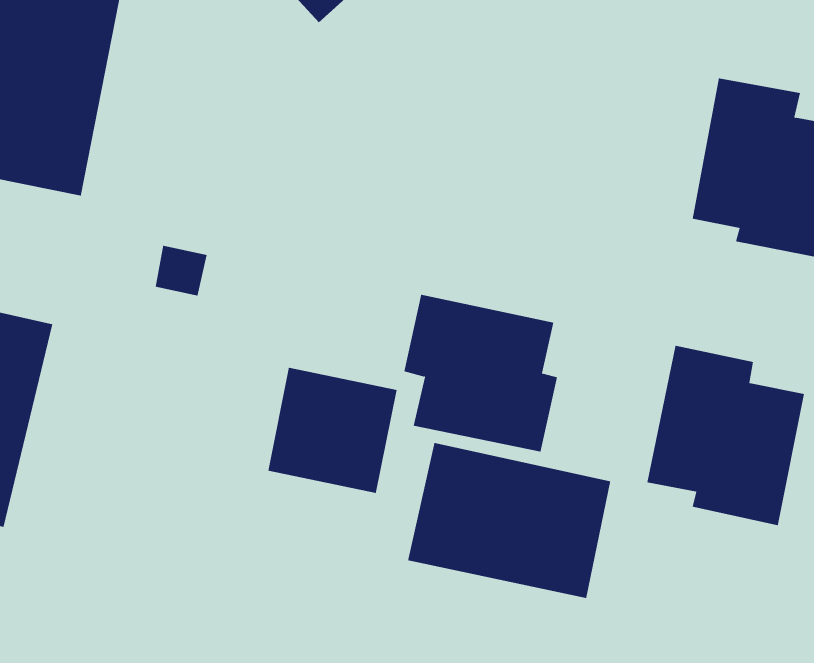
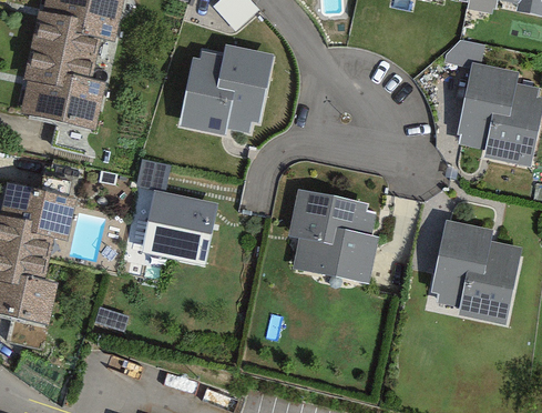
building: none -> [177,44,270,137]
building: [267,367,397,493] -> [139,190,215,264]
building: [407,442,611,599] -> none

